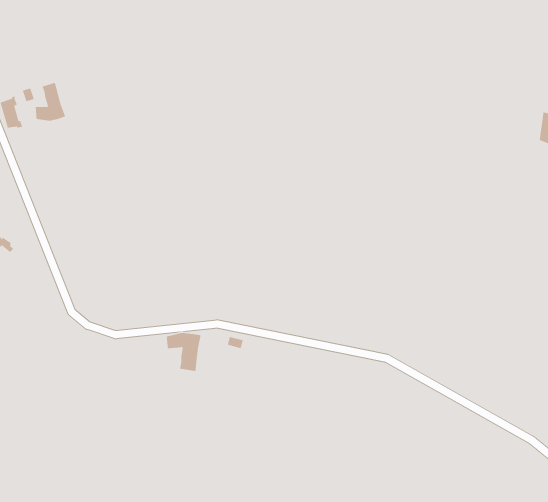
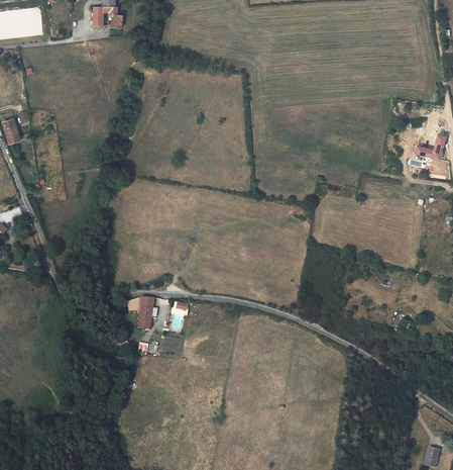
building: [35,82,66,122] -> none

